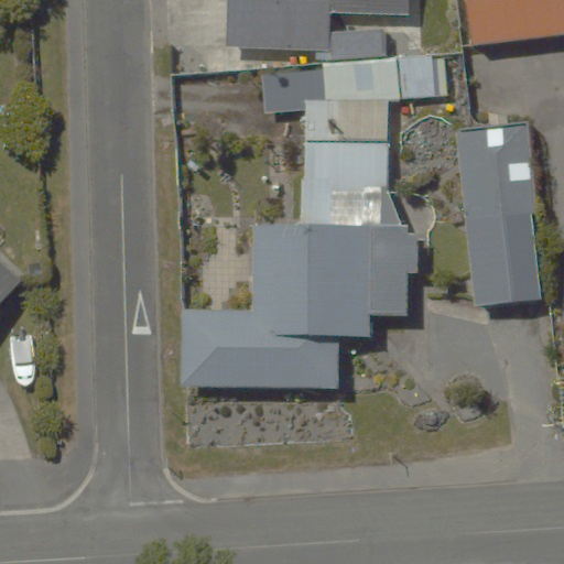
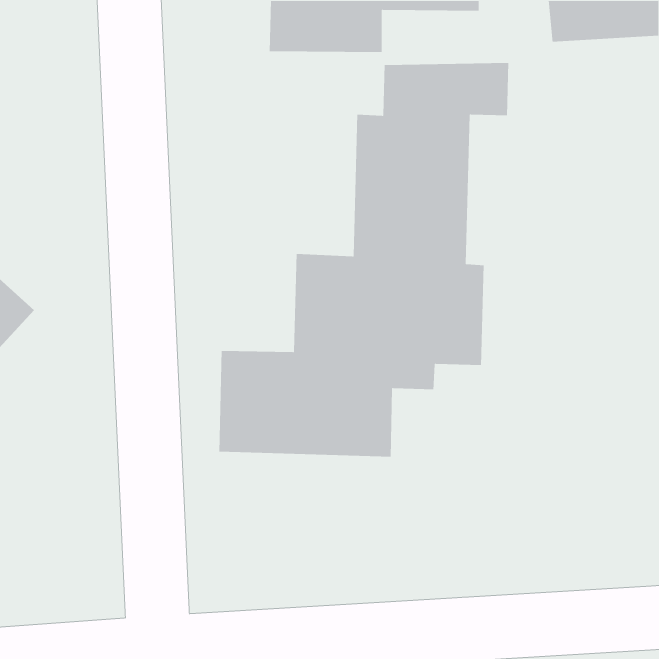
building: [448,119,545,307] -> none

